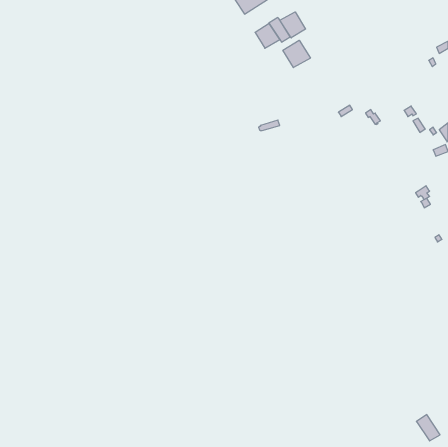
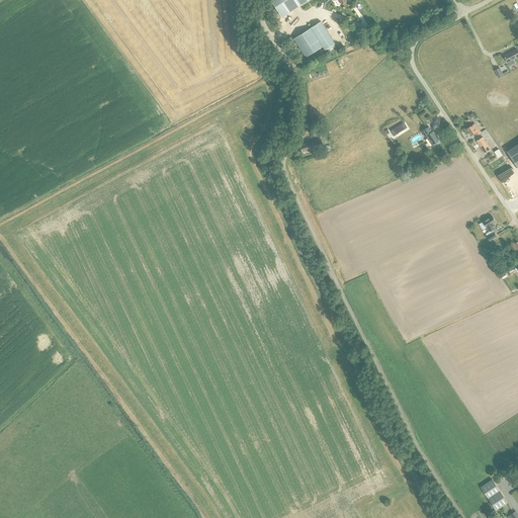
building: [280,12,306,38] -> none
building: [283,40,310,68] -> none

